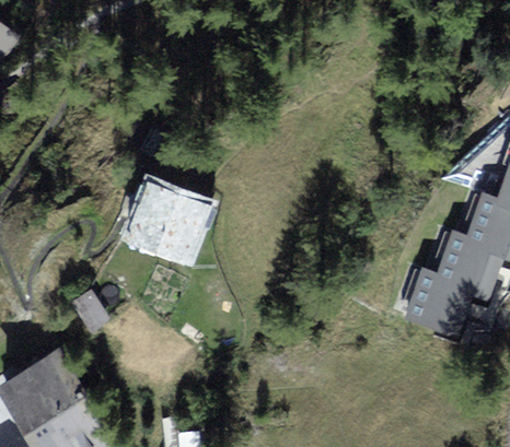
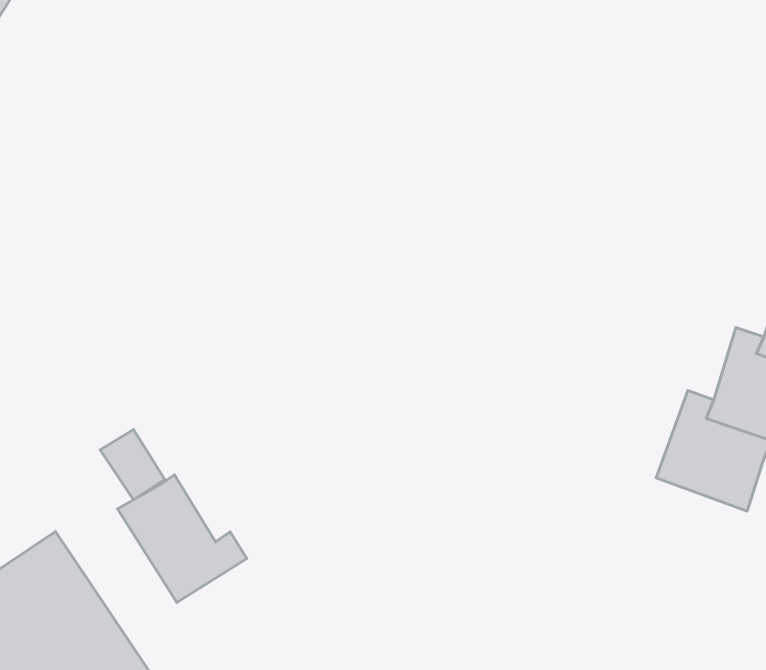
building: [121,170,213,255] -> none
building: none -> [118,475,247,603]

